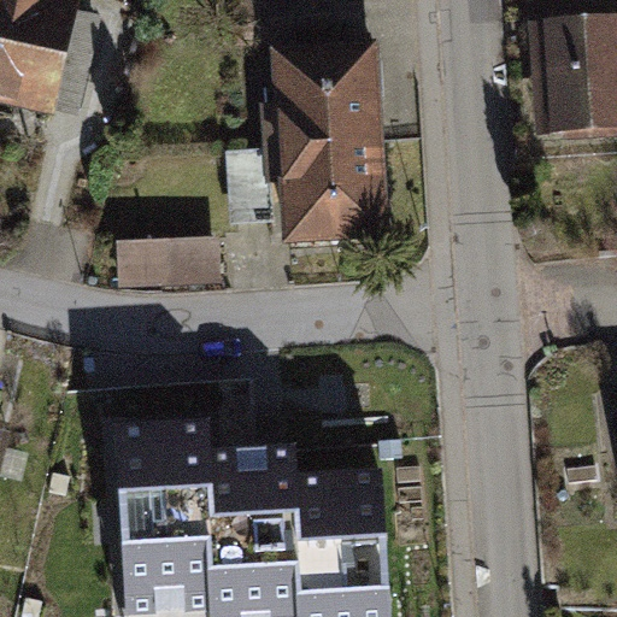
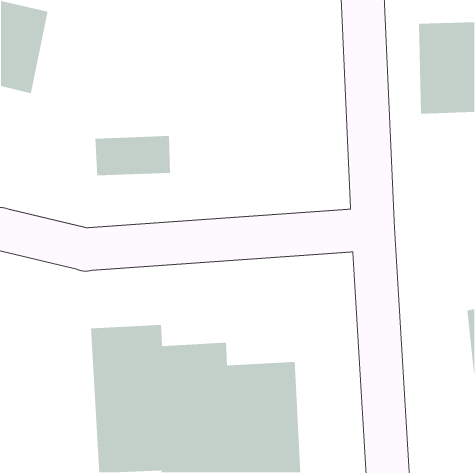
building: [262,46,387,242] -> none
building: [124,237,223,290] -> [95,135,171,176]

